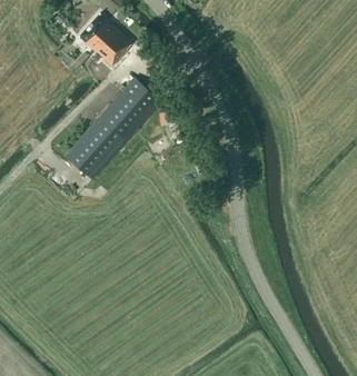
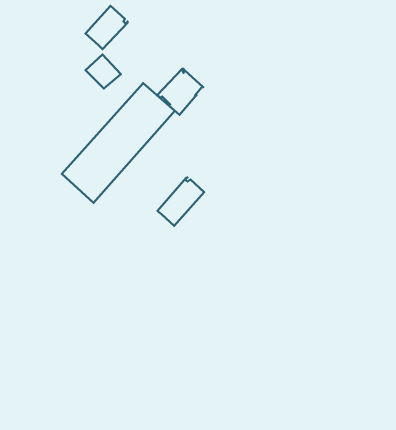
building: [98,27,137,66] -> [157,69,203,115]
building: none -> [157,177,204,226]

